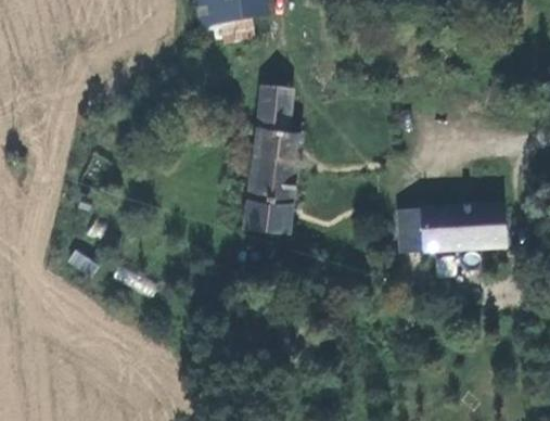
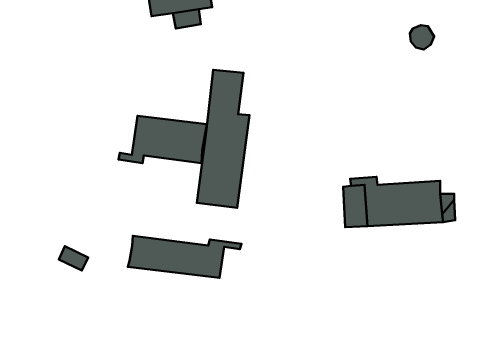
building: none -> [118,116,207,163]
building: none -> [128,236,241,278]

